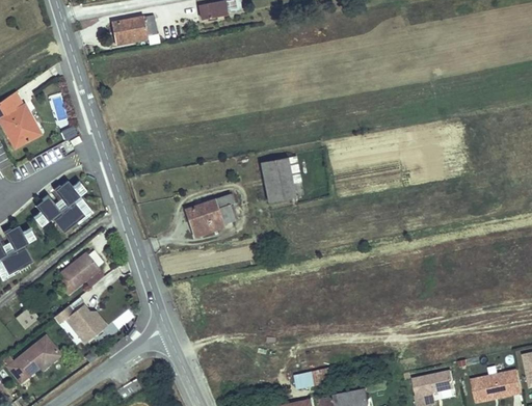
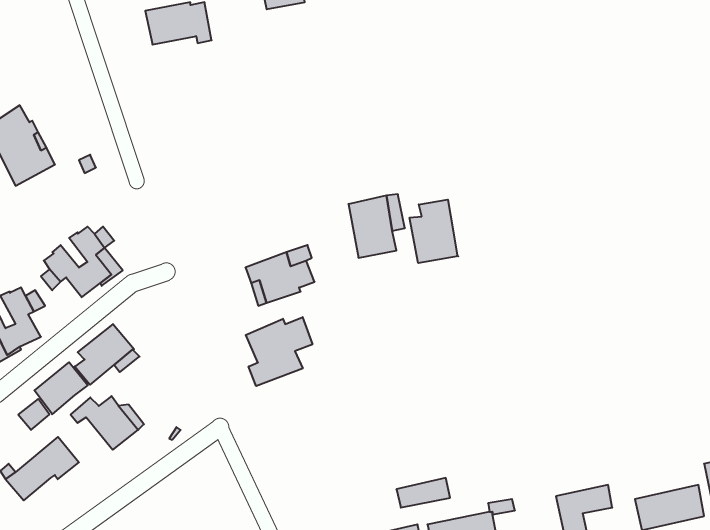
building: none -> [410,200,458,263]
building: none -> [246,317,312,386]
building: none -> [34,362,88,414]

